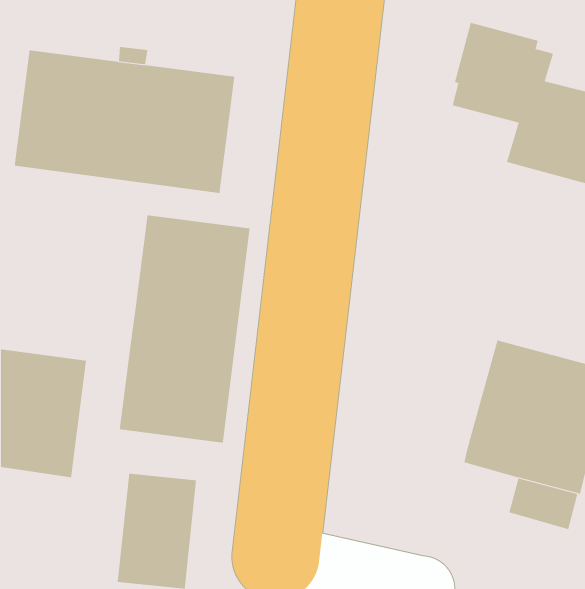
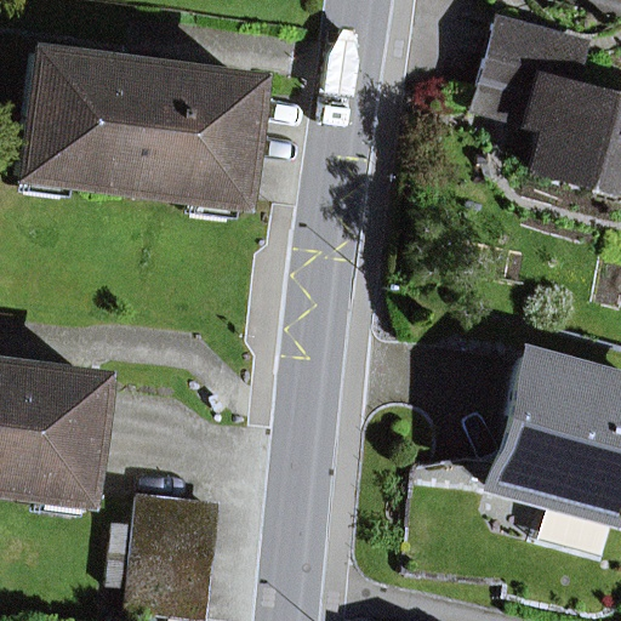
building: [119,214,250,444] -> none

